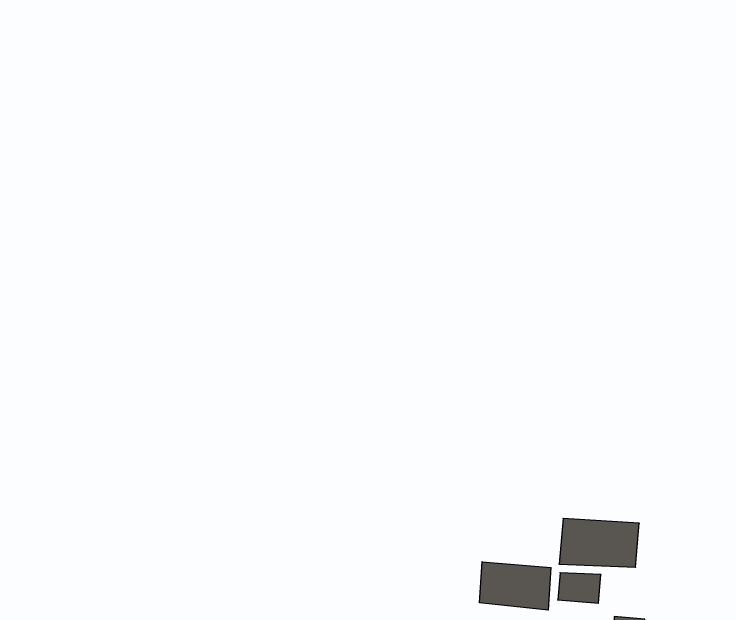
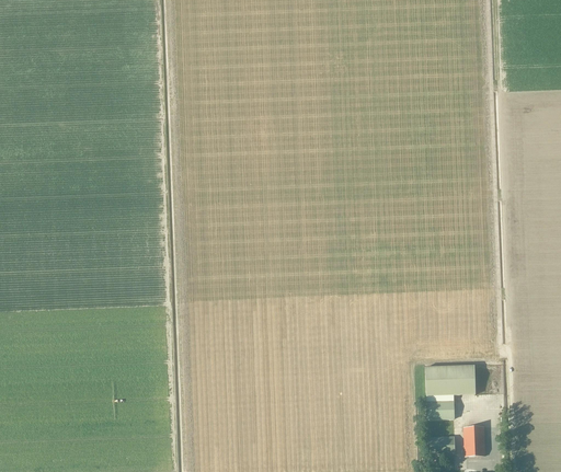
building: [480,562,551,610] -> none

